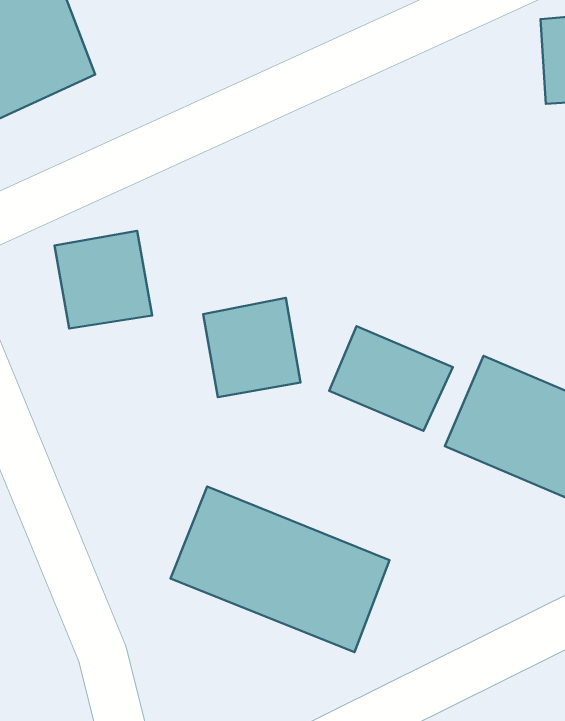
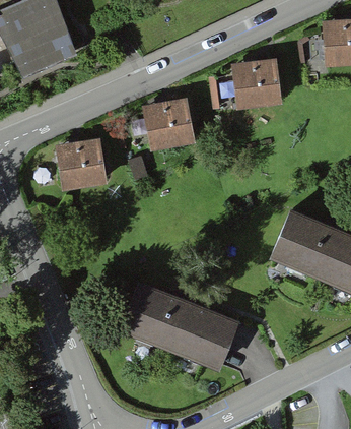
building: none -> [231,60,282,113]
building: [203,298,301,397] -> [142,100,196,155]
building: [329,326,453,431] -> none

